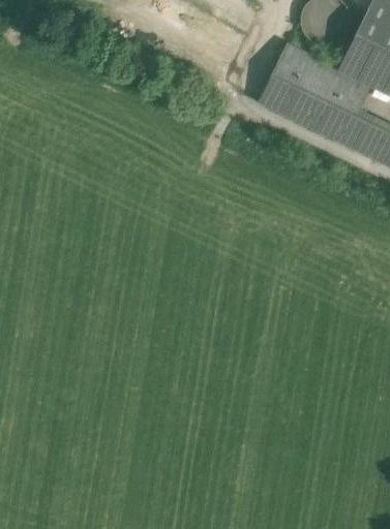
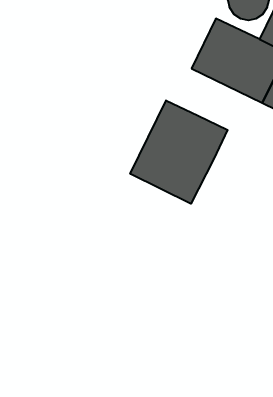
building: none -> [130,100,228,204]

